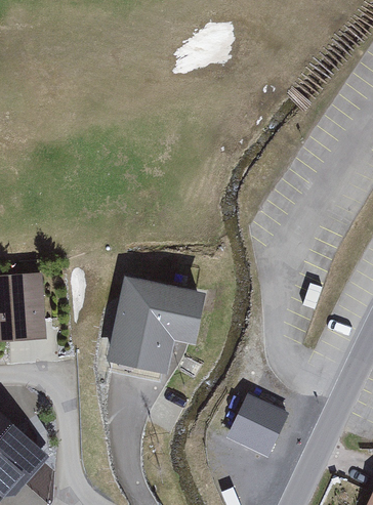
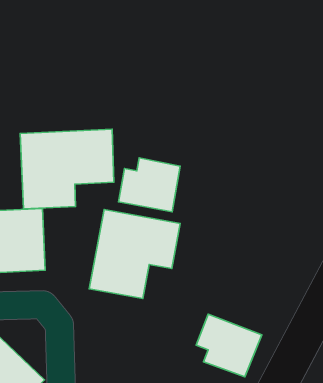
building: none -> [20,129,114,209]
building: none -> [119,158,180,212]

